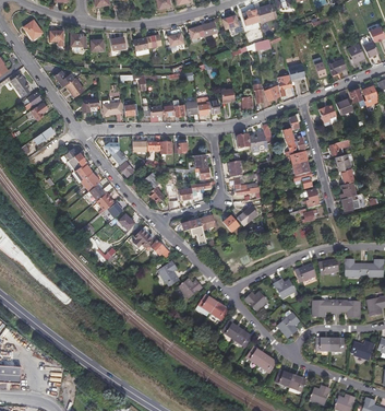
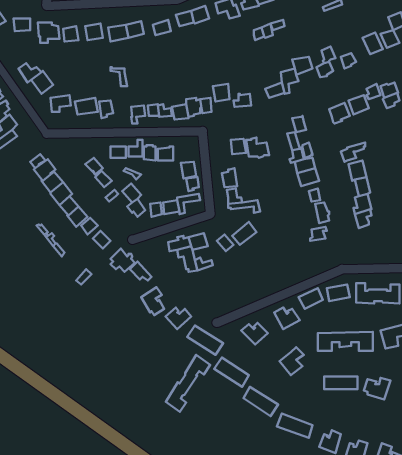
building: none -> [166,355,210,412]

